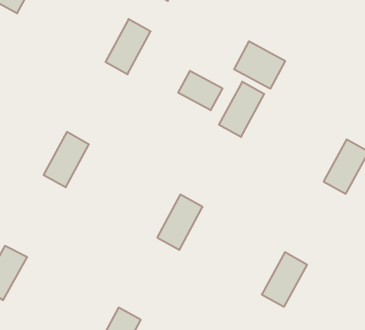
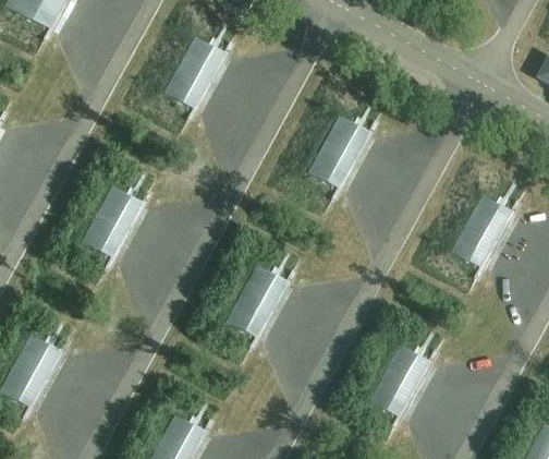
building: [234,41,285,89] -> none
building: [178,71,222,110] -> none

